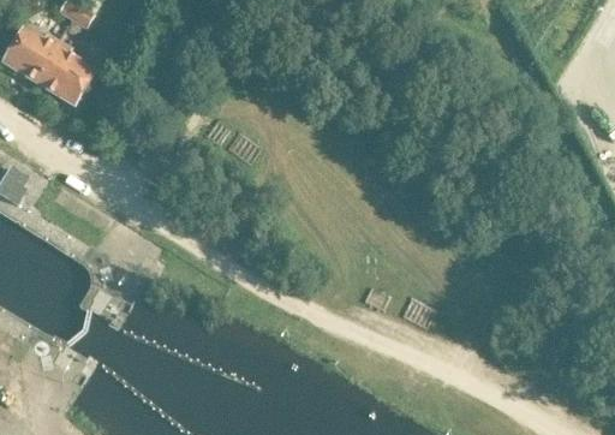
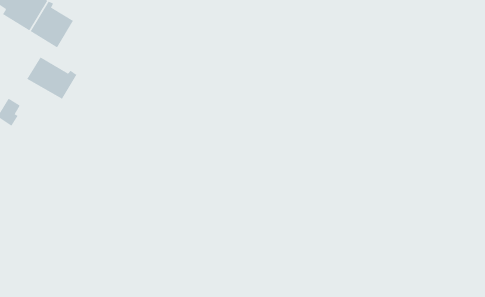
building: none -> [27,56,77,100]

